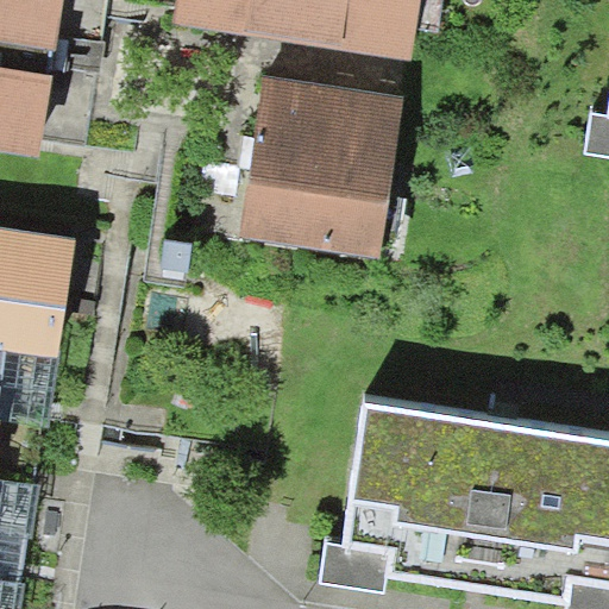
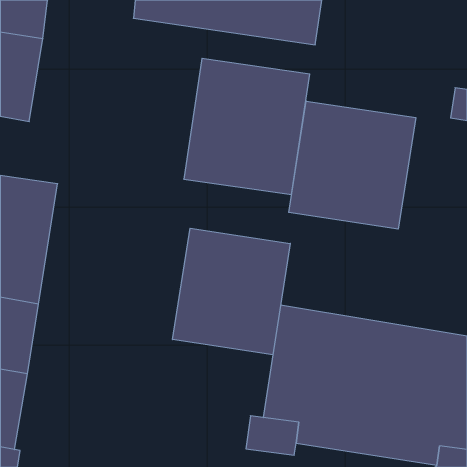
building: none -> [289,101,416,229]
building: none -> [173,228,290,355]

